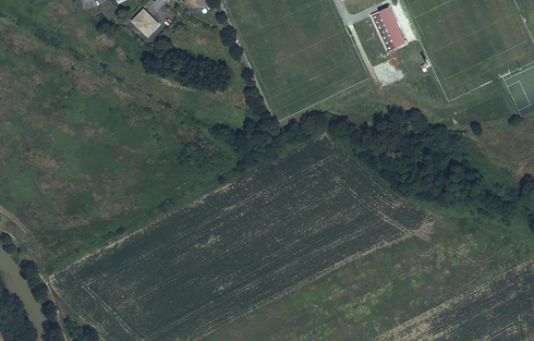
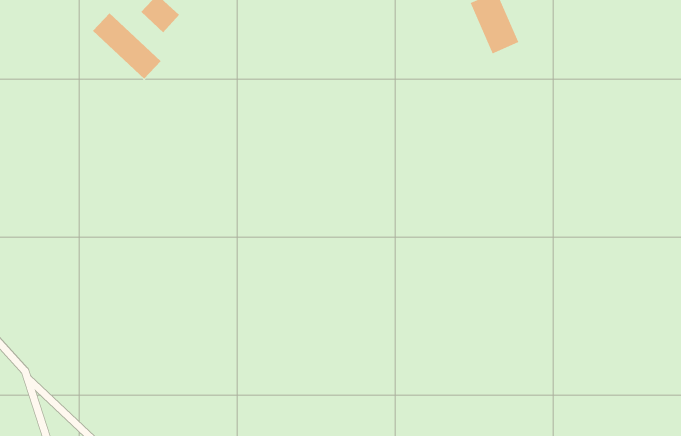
building: none -> [92,13,162,80]

